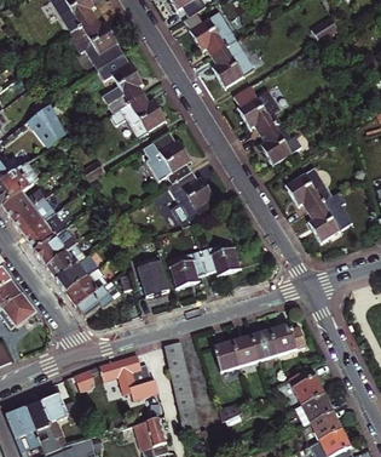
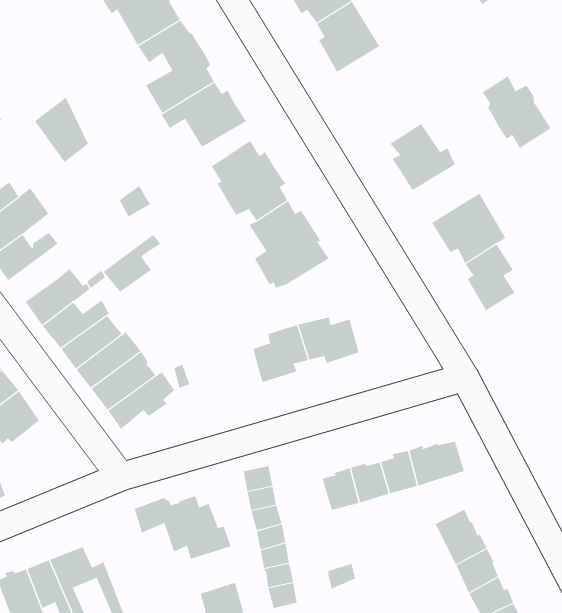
building: [233,86,278,133] -> [482,76,552,149]
building: [12,198,50,235] -> [103,234,161,292]
building: [137,261,168,296] -> none

